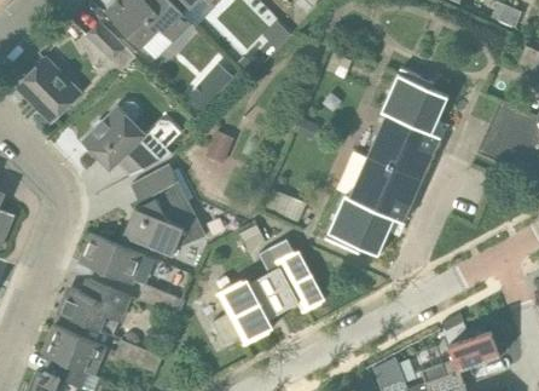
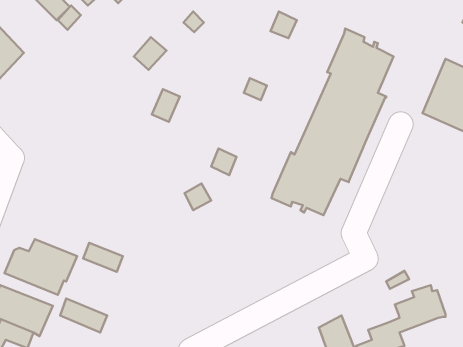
building: [83,105,172,176] -> none
building: [123,163,204,257] -> none
building: [77,232,145,284] -> none
building: [218,238,321,344] -> none

